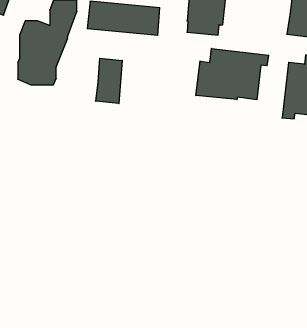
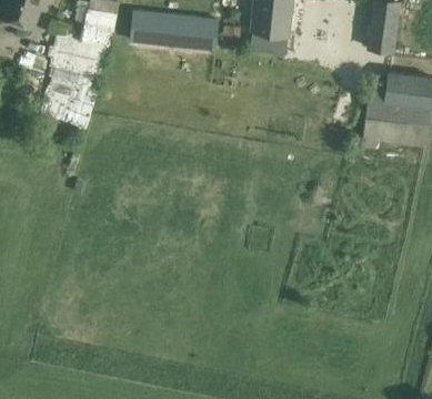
building: [196,48,269,100] -> none
building: [96,58,122,104] -> none

